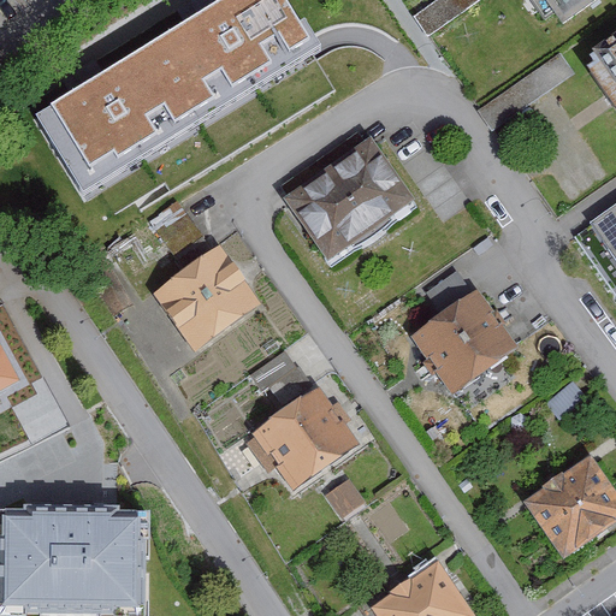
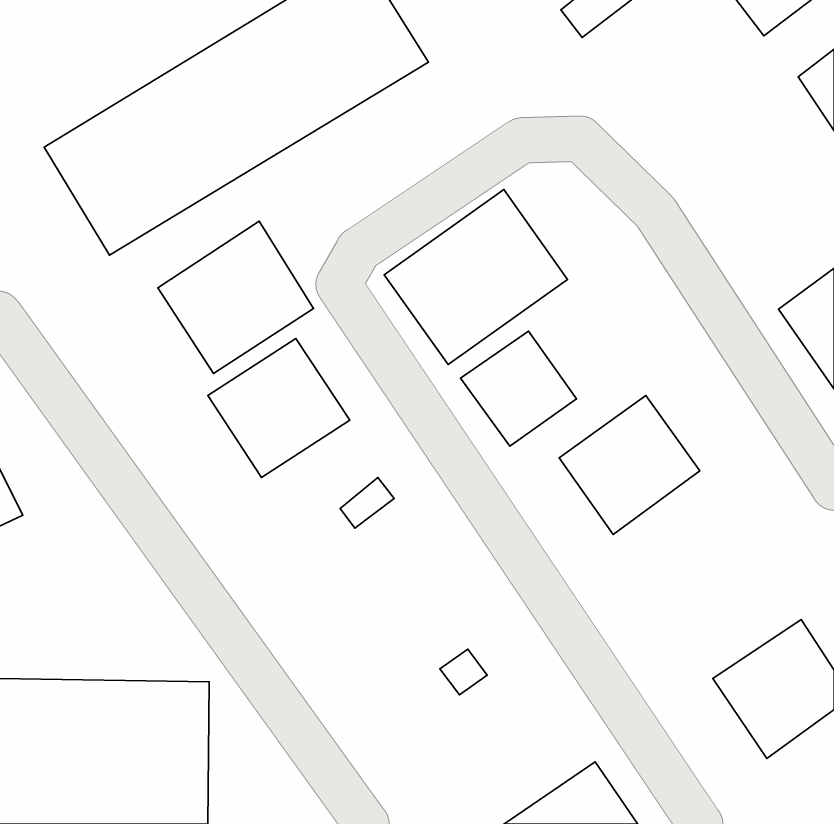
building: none -> [158,221,314,373]
building: none -> [461,331,577,446]
building: [253,385,357,488] -> none

